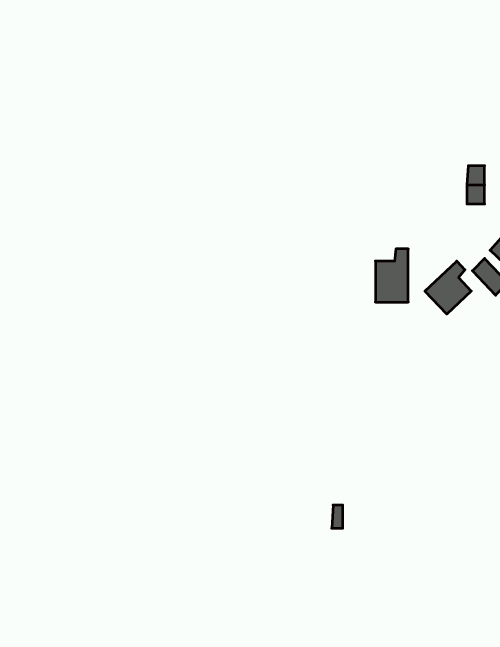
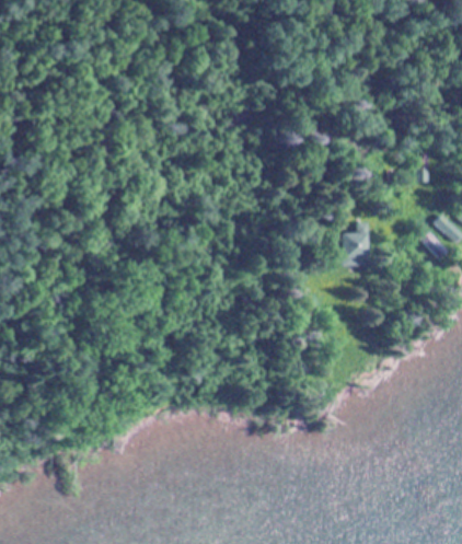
building: [425,261,471,314] -> none

